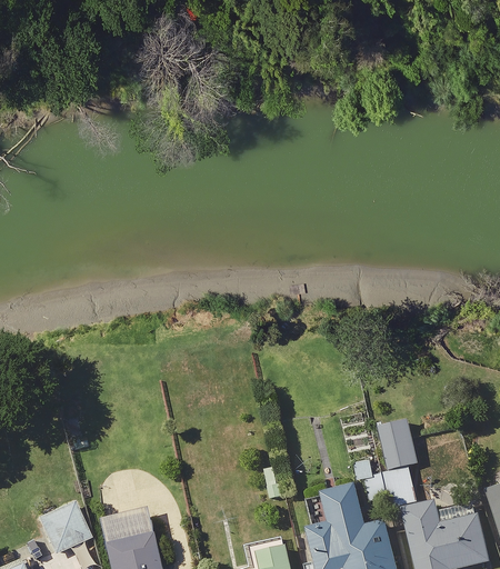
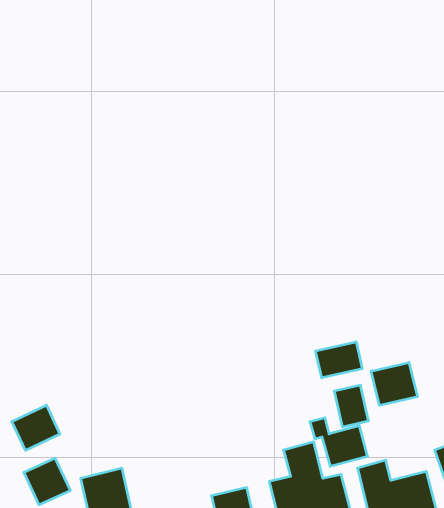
building: none -> [316,342,362,378]
building: none -> [371,362,417,405]
building: none -> [12,405,60,450]

